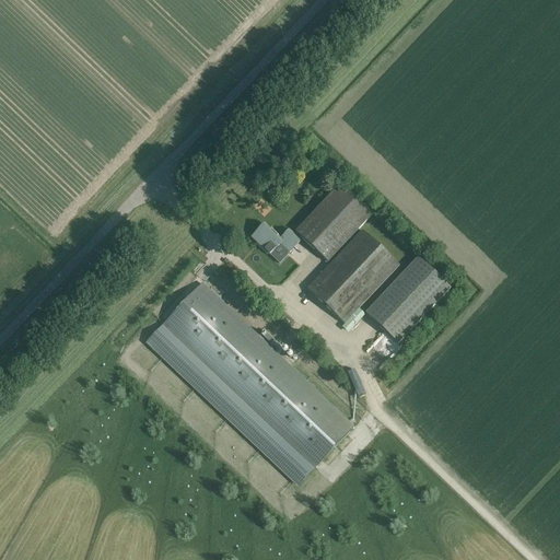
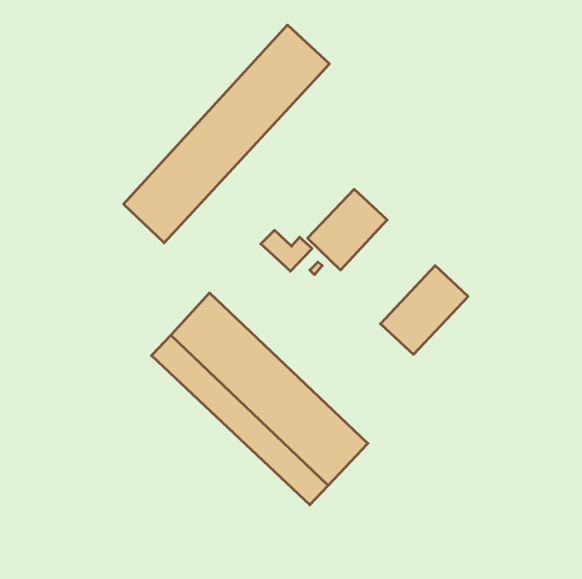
building: none -> [124,25,329,243]
building: [307,228,399,320] -> none

